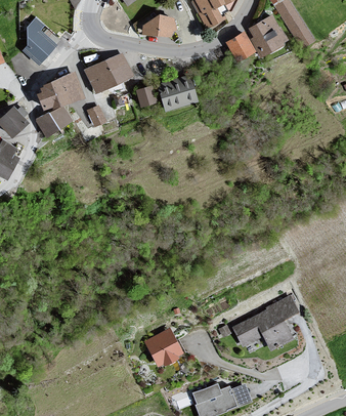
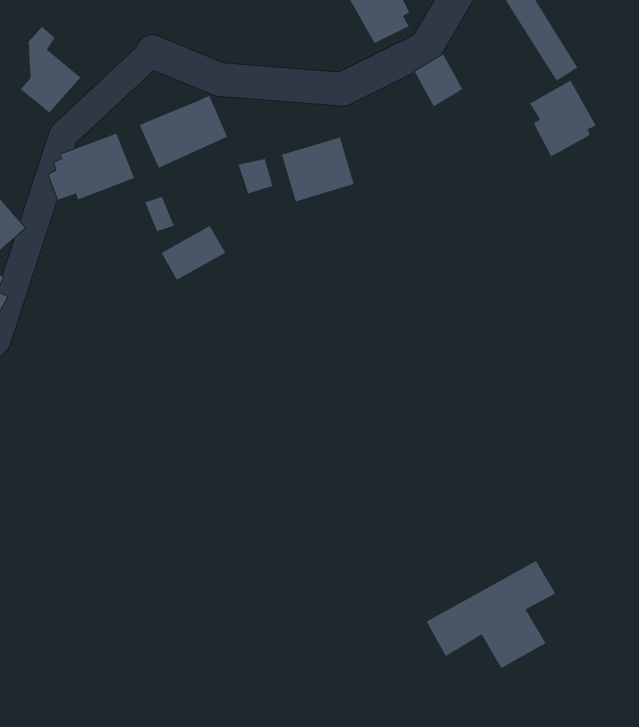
building: [143,16,175,36] -> none
building: [250,16,285,56] -> [529,80,596,157]
building: [37,107,71,135] -> [161,225,226,280]
building: [144,327,183,366] -> none

